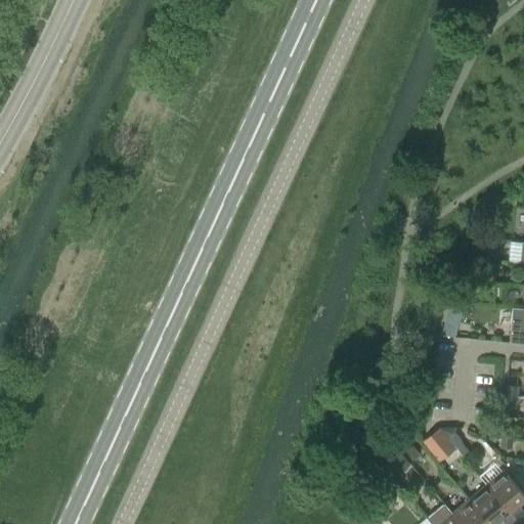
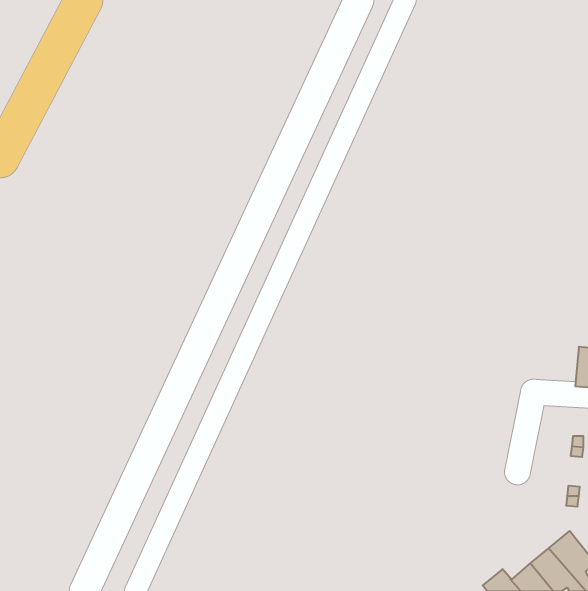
building: [426,429,457,461] -> none

